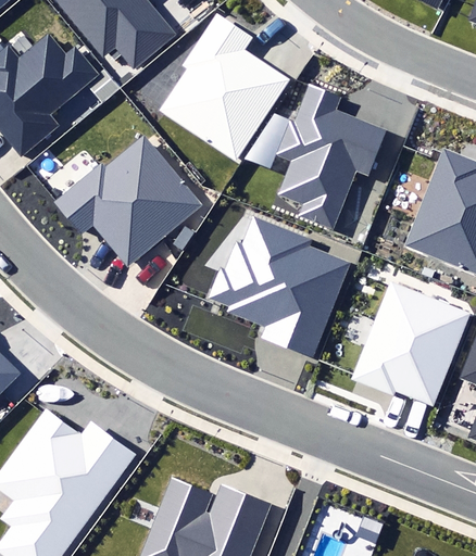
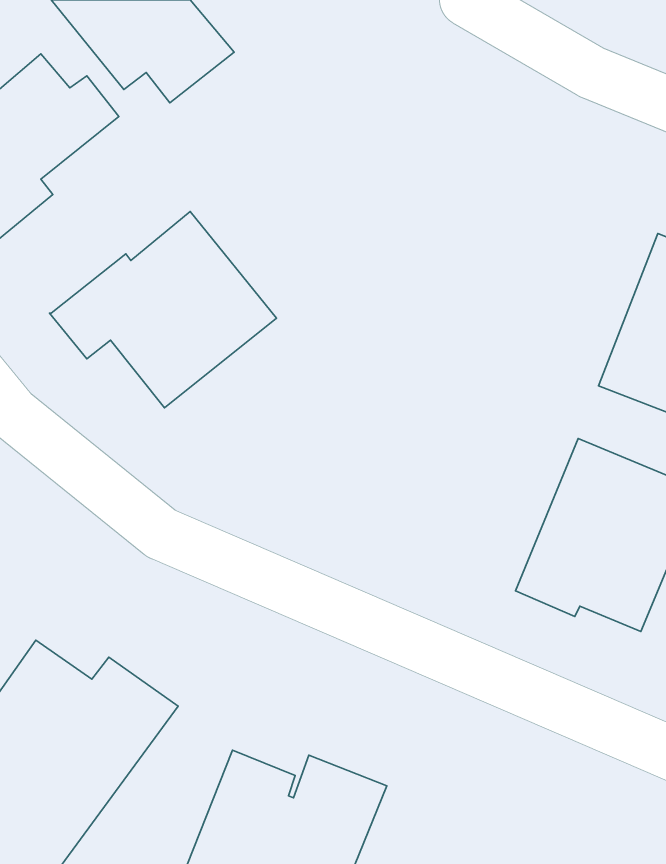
building: [159,13,290,161] -> none
building: [277,88,388,233] -> none
building: [212,215,352,359] -> none

